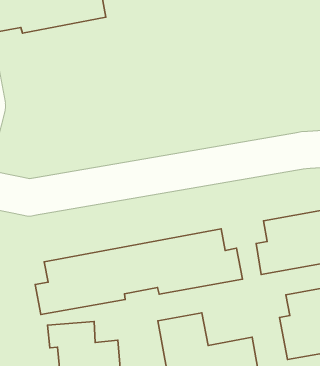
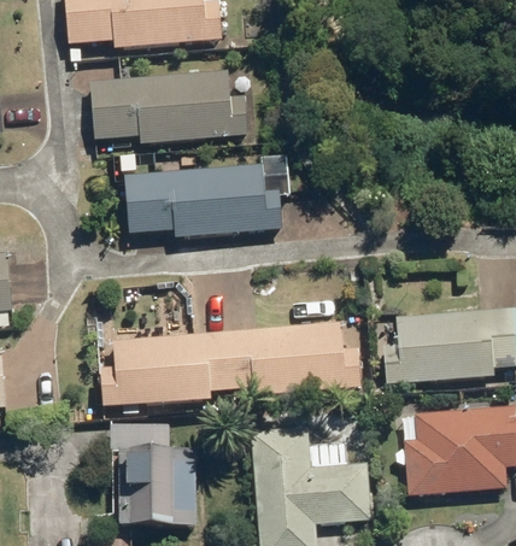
building: none -> [90,69,247,142]
building: none -> [124,164,282,236]

